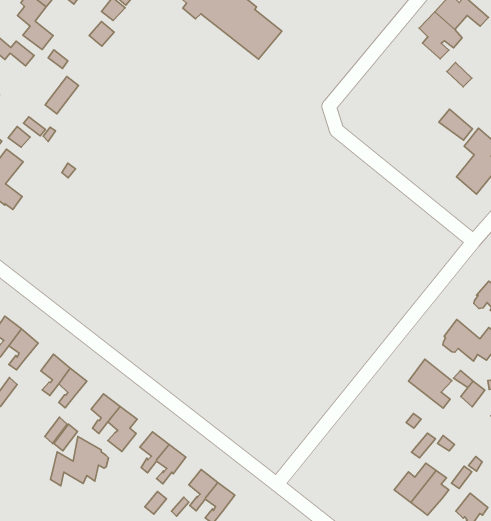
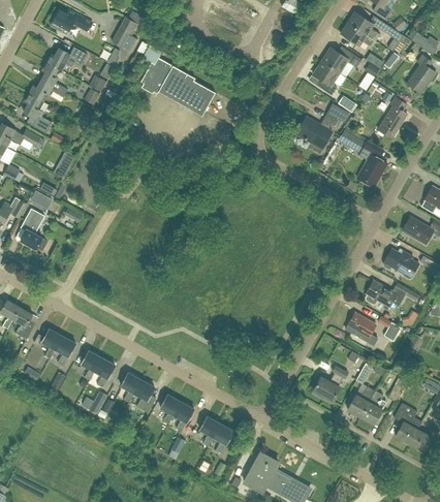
building: none -> [295,113,339,149]
building: none -> [313,366,348,401]
building: [51,437,108,486] -> none

